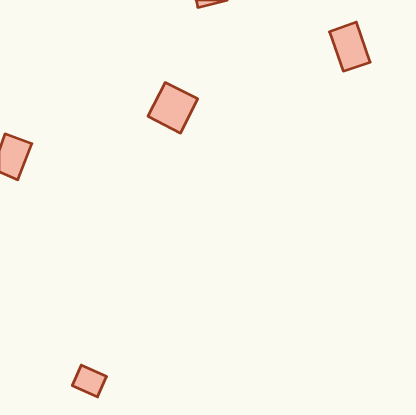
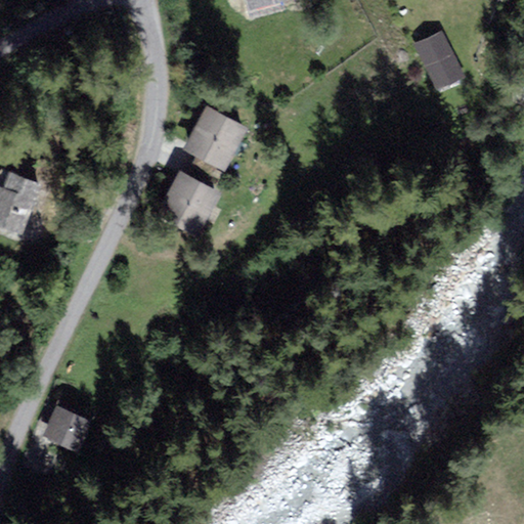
building: none -> [156,171,220,237]
building: [72,365,107,397] -> [48,407,91,447]

